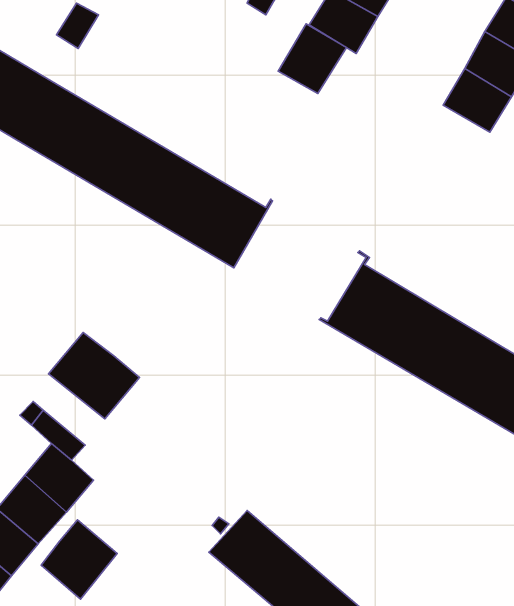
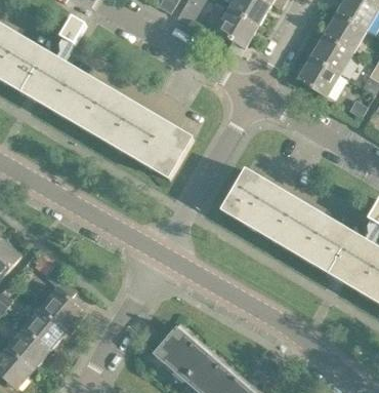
building: [278,24,346,93] -> none
building: [49,332,139,419] -> none
building: [41,520,117,599] -> none

